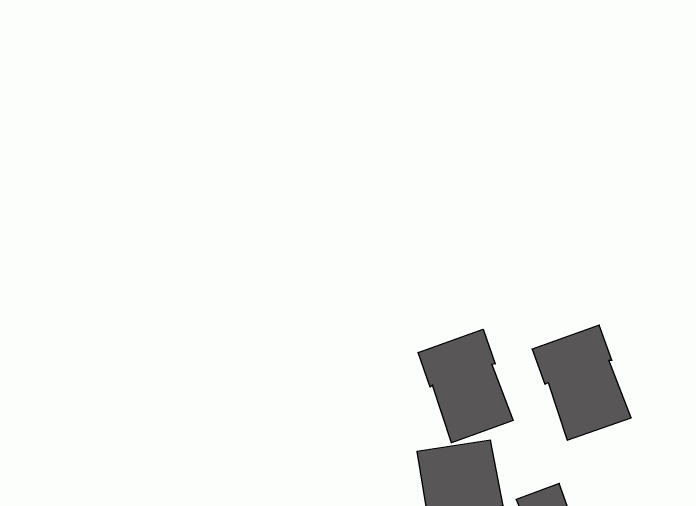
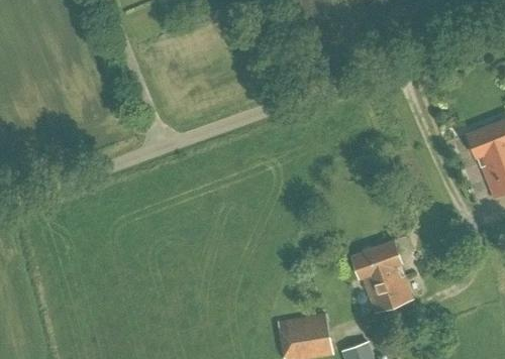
building: [418,329,513,443] -> none

